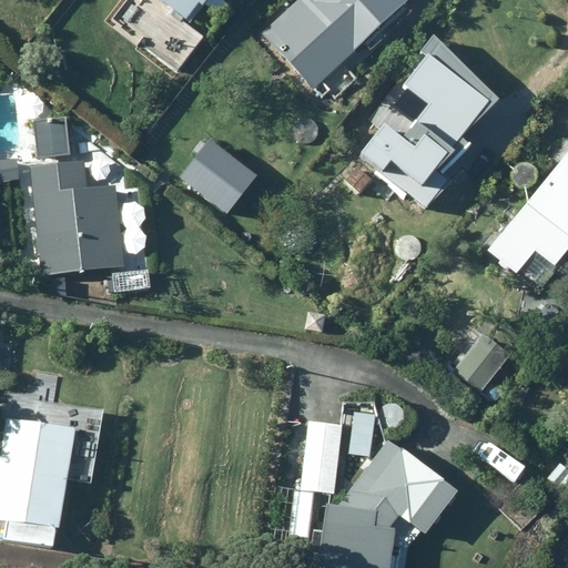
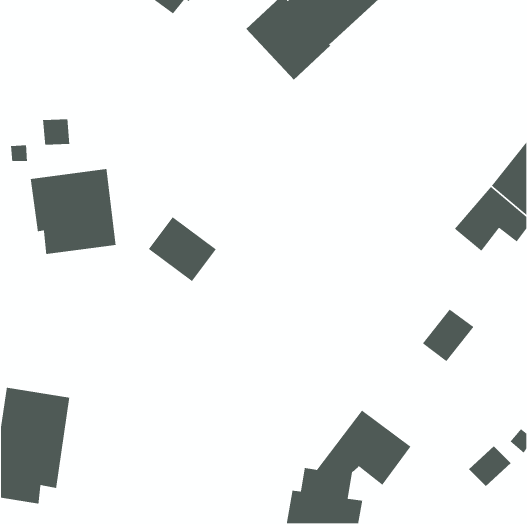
building: [362,58,488,209] -> none
building: [182,146,256,217] -> [148,216,217,282]
building: [292,419,342,537] -> none

